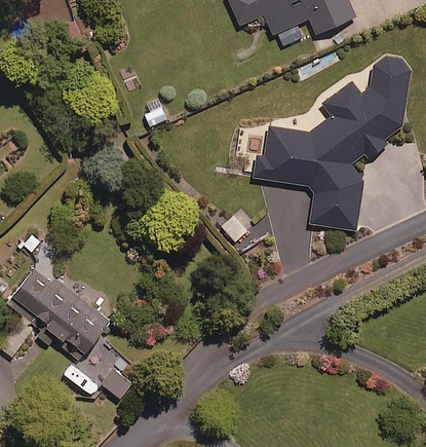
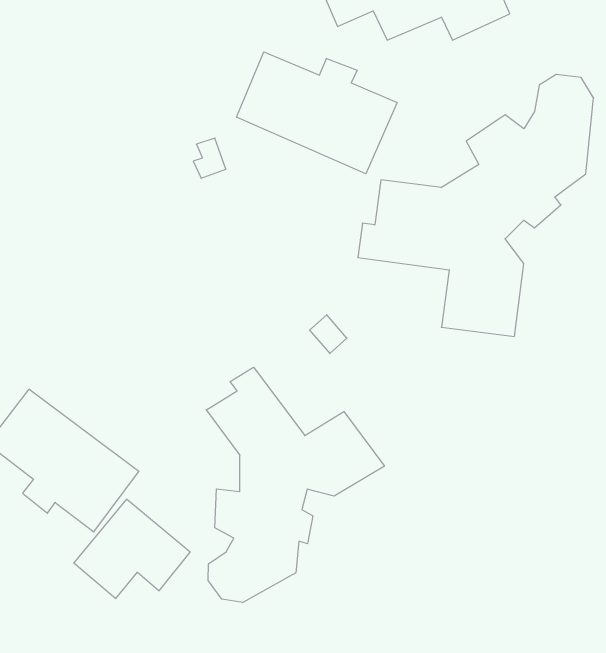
building: none -> [237,52,397,174]
building: none -> [206,367,384,603]

